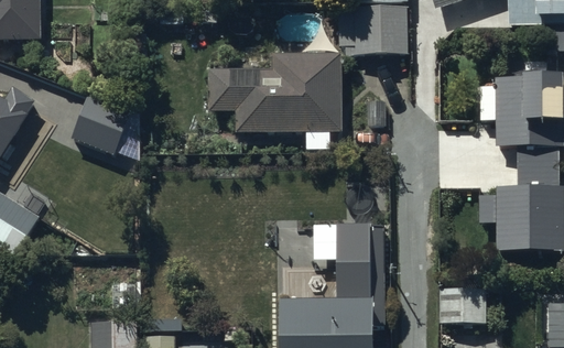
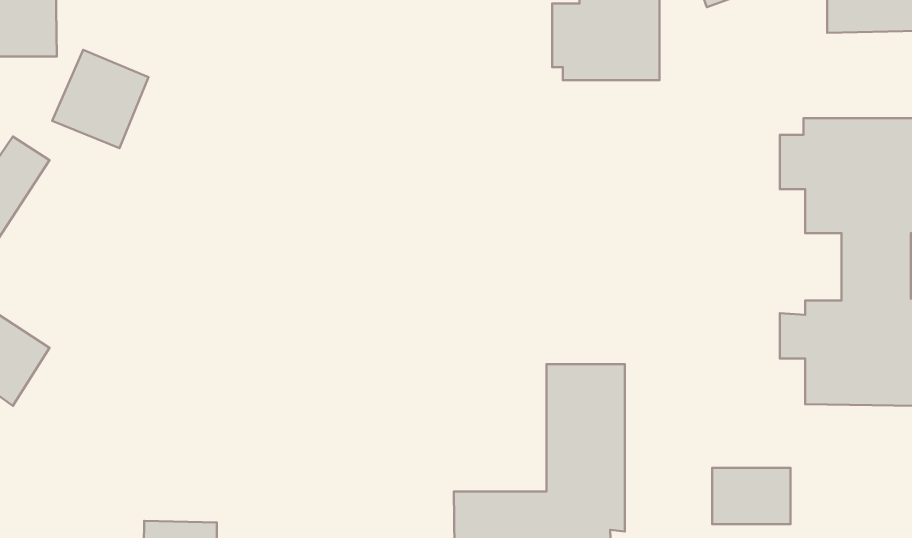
building: [208,44,341,149] -> none
building: [72,94,130,153] -> [52,50,149,148]

